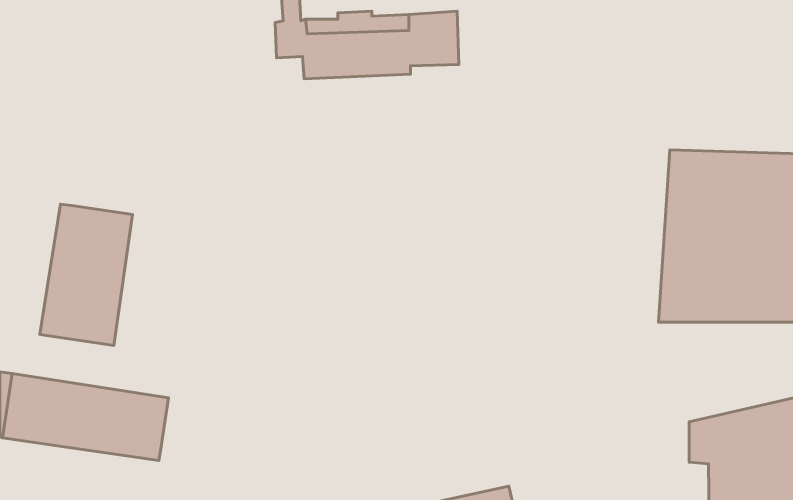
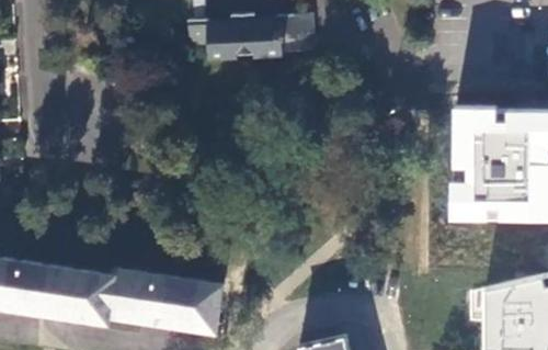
building: [40,204,133,346] -> none
building: none -> [110,268,224,328]

